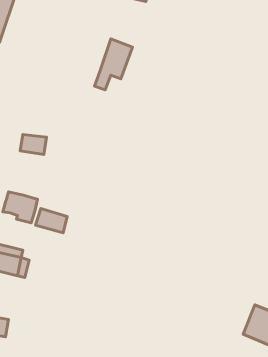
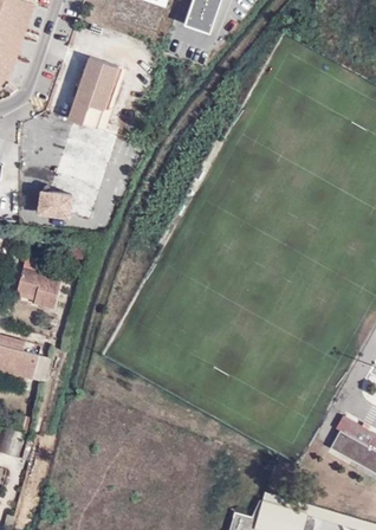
building: [94,39,133,90] -> [66,59,116,125]
building: [35,209,67,233] -> none

